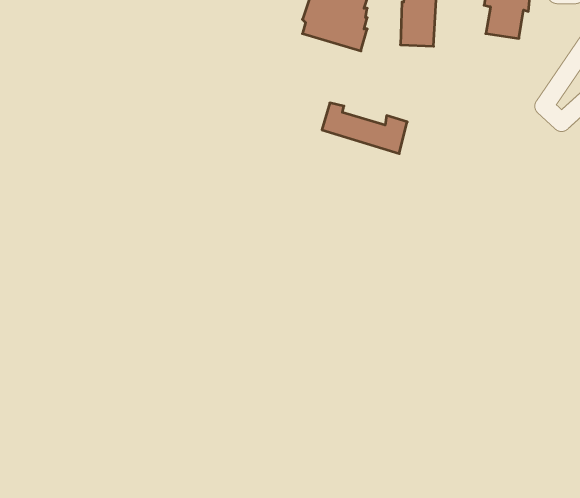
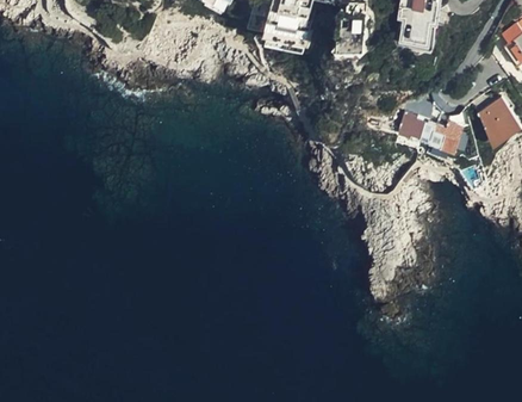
building: [322,103,407,154] -> [398,113,462,151]

